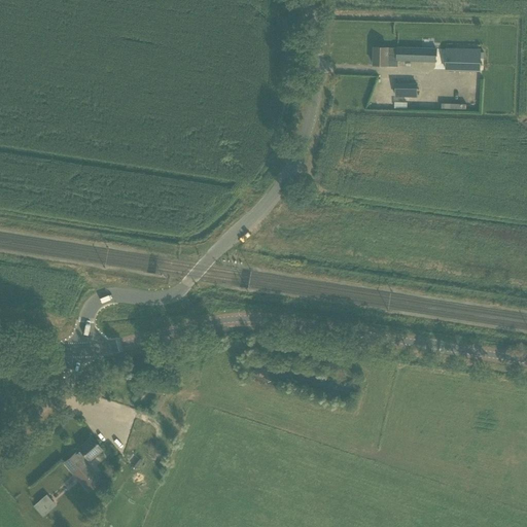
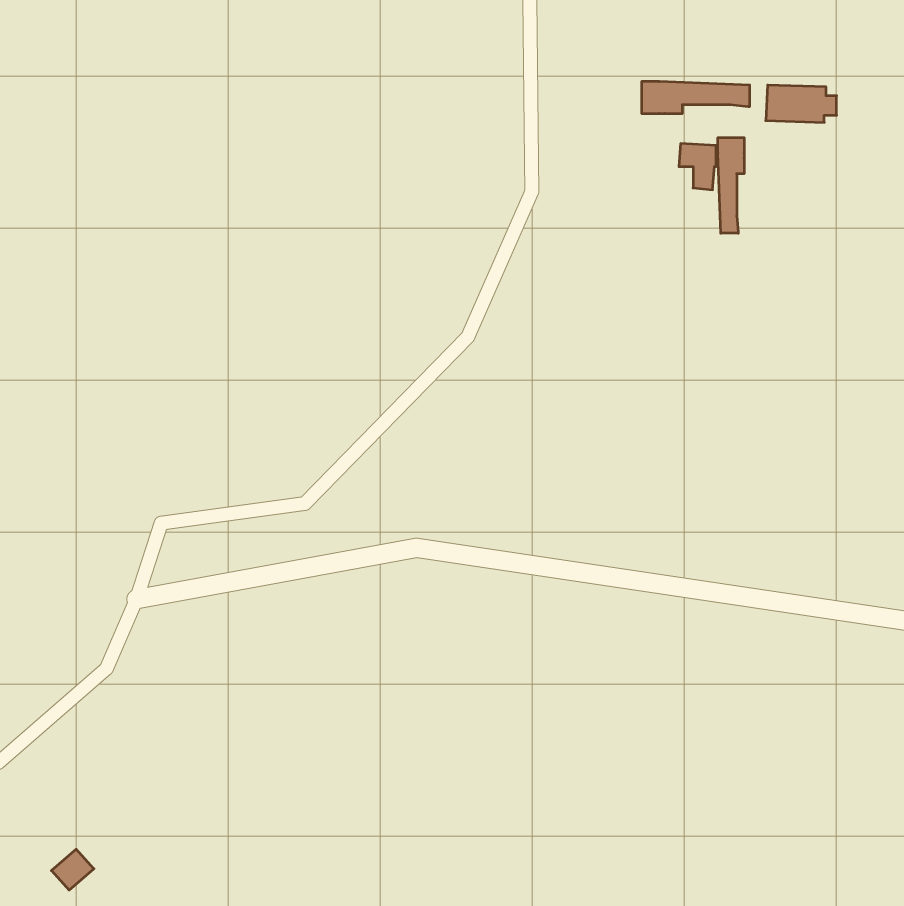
building: none -> [718,138,744,233]
building: [63,437,100,492] -> none

